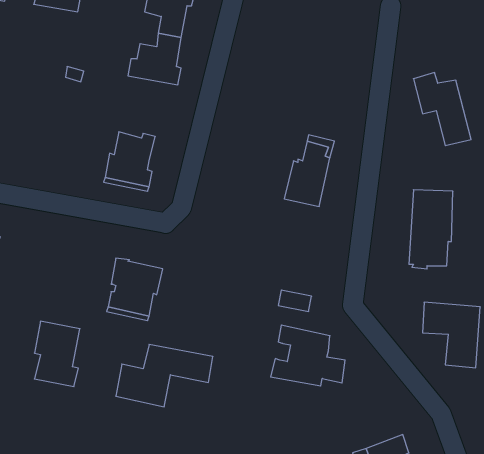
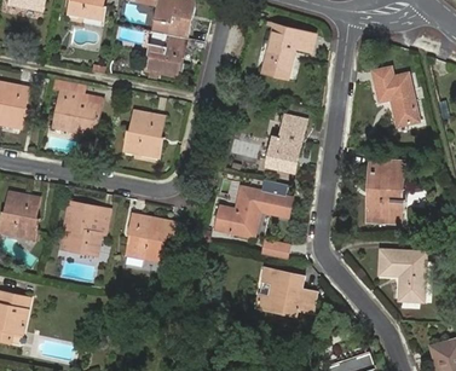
building: none -> [262,25,314,79]
building: none -> [53,79,103,138]
building: [34,321,80,387] -> [65,204,102,256]
building: [116,344,213,407] -> [214,187,292,237]

